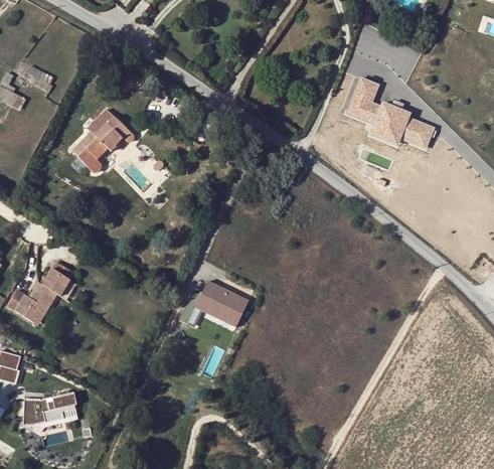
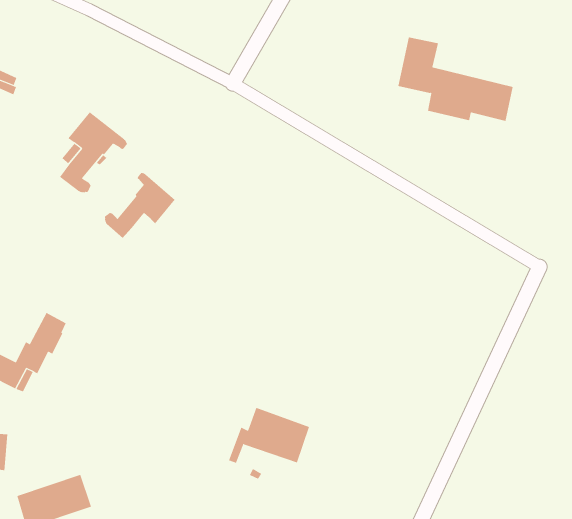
building: none -> [104,172,176,239]
building: [181,279,246,325] -> [228,407,310,464]

